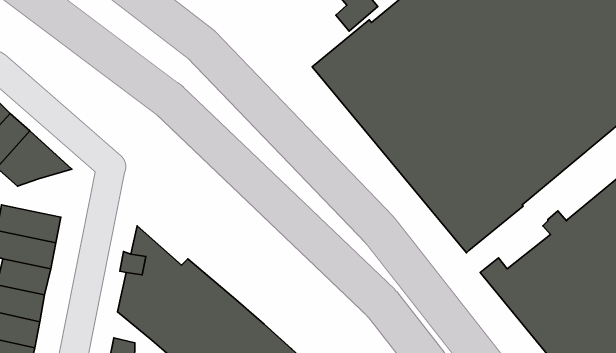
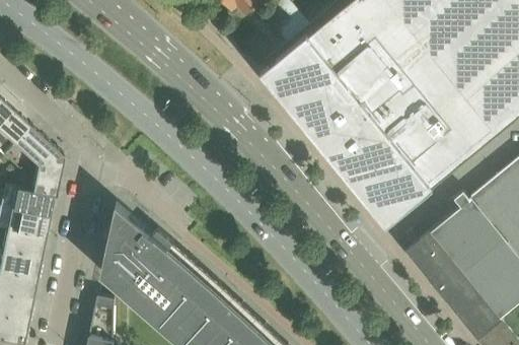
building: none -> [14,159,63,199]

